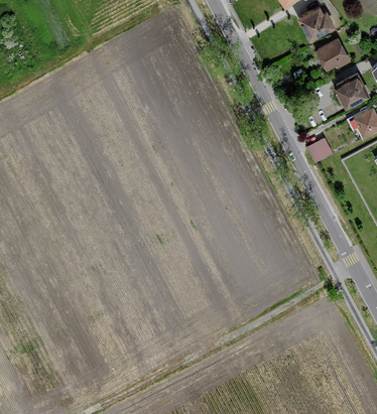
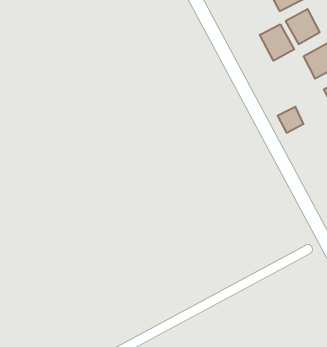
building: none -> [260,24,294,61]

